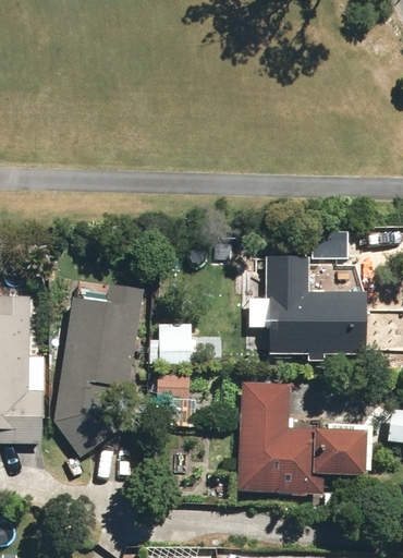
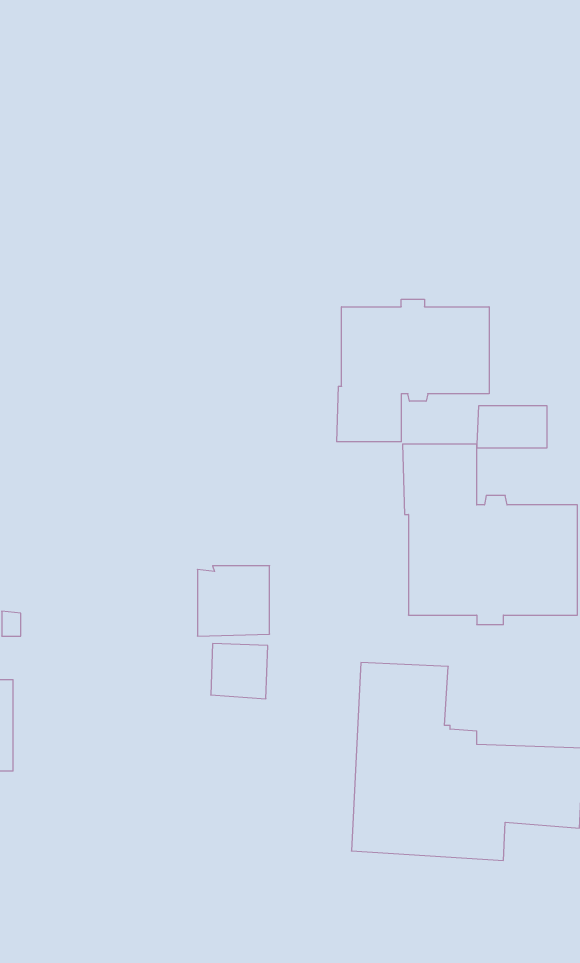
building: none -> [337,299,489,442]
building: [53,282,144,456] -> none

